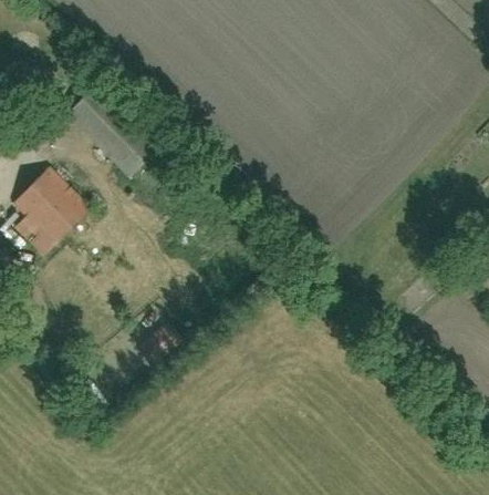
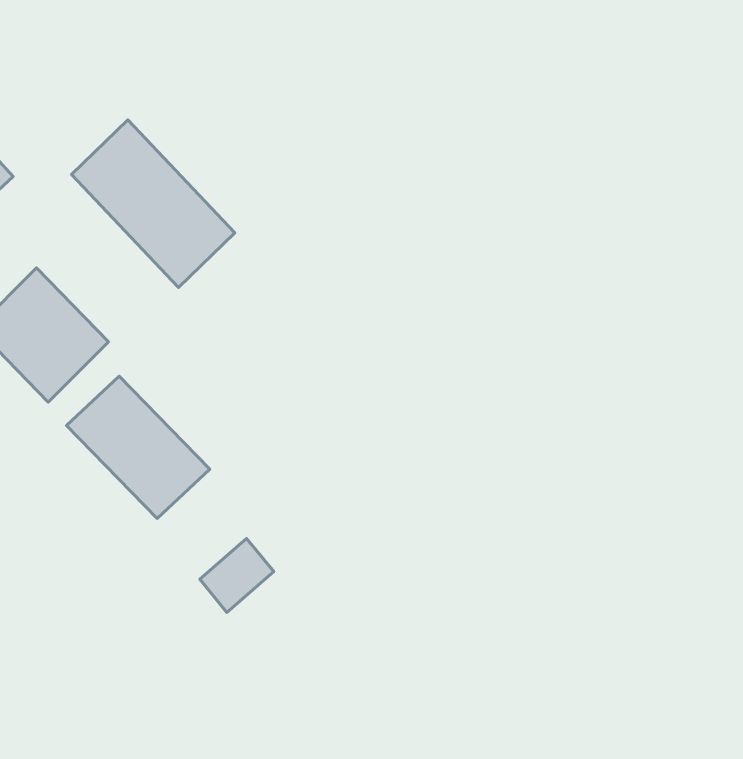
building: none -> [66,376,210,519]

